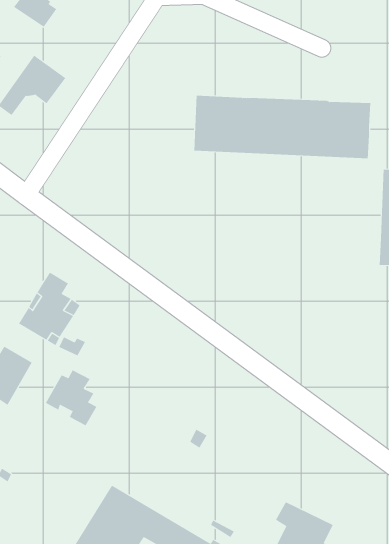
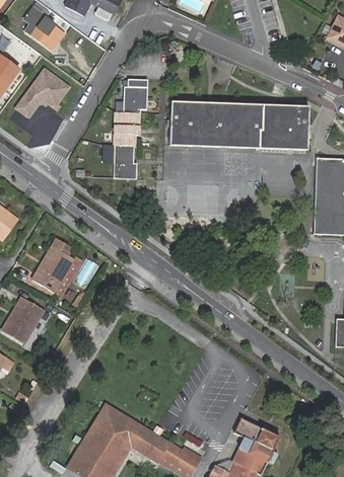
building: none -> [113,79,146,177]
building: [45,369,97,426] -> none

